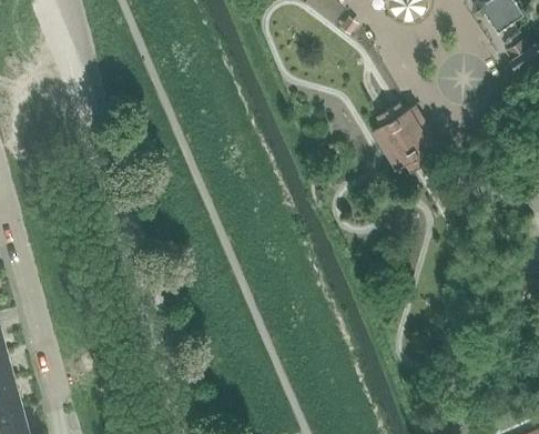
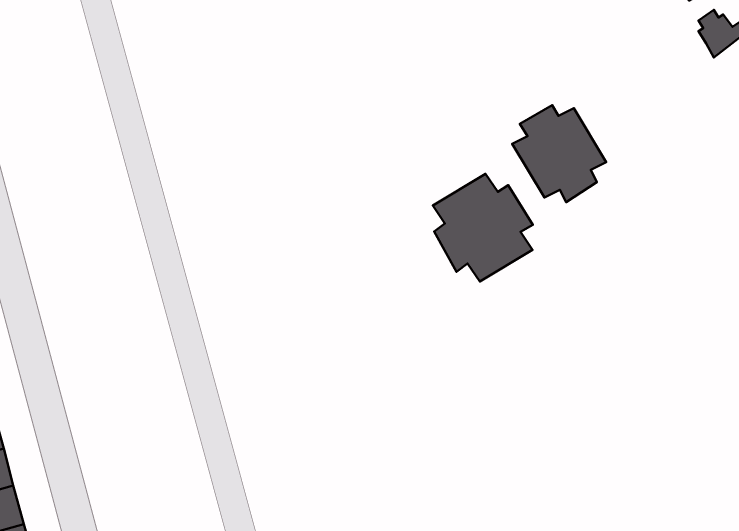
building: none -> [433,174,533,281]

